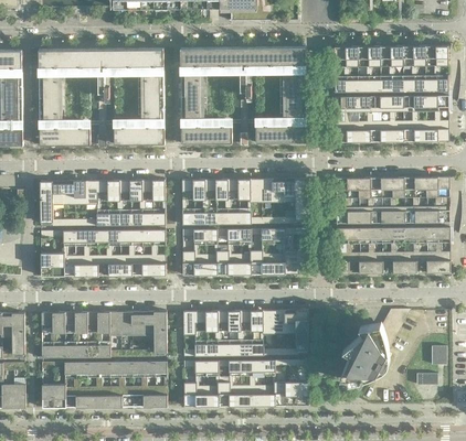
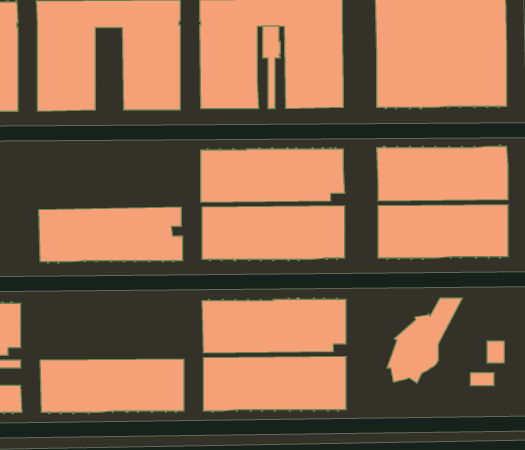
building: [93,72,108,143] -> none
building: [40,178,165,225] -> none
building: [41,309,167,357] -> none

